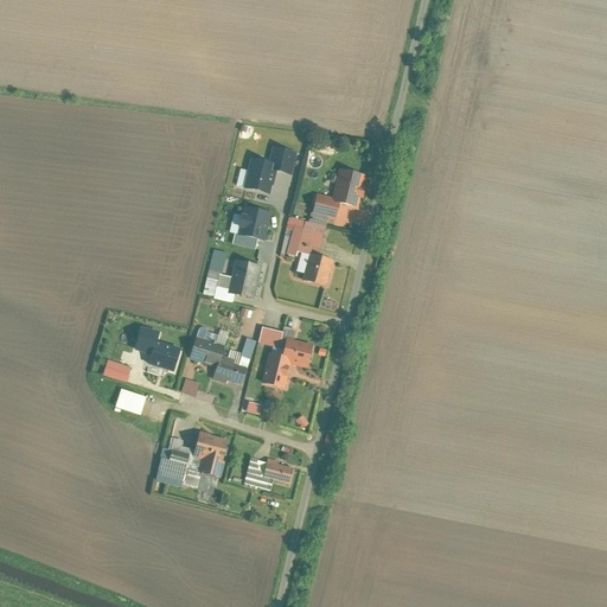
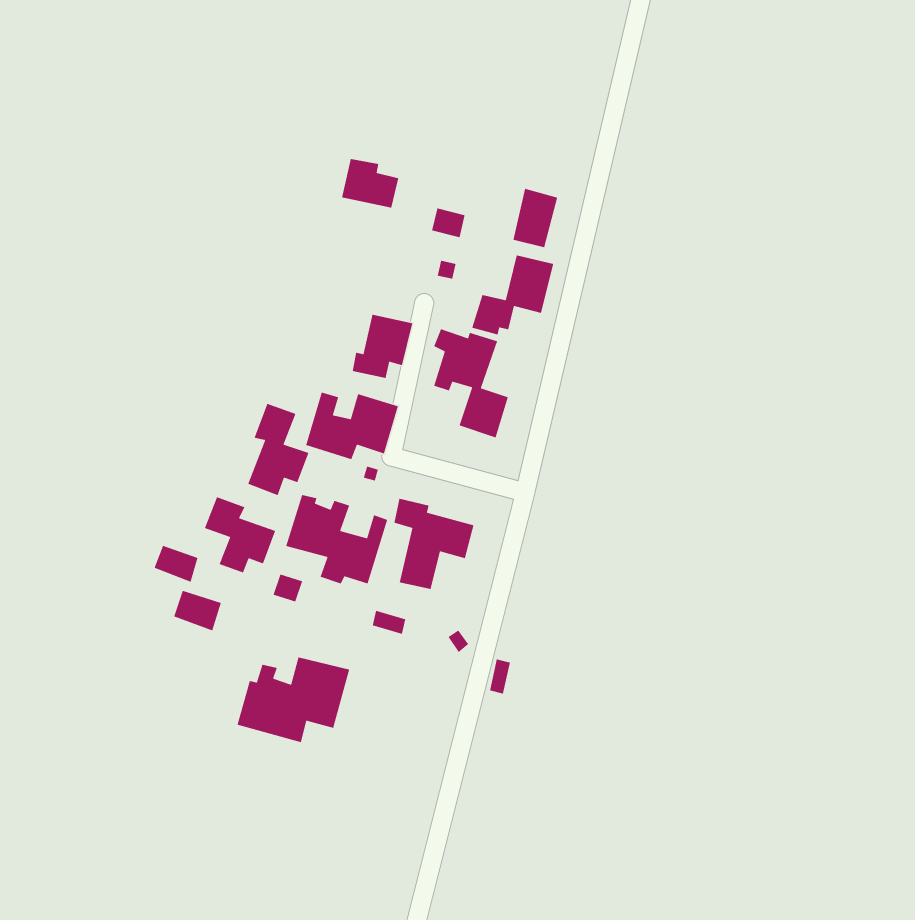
building: none -> [513,188,558,248]
building: [242,156,280,190] -> [341,158,399,209]
building: none -> [247,403,310,496]
building: [244,455,294,491] -> none

